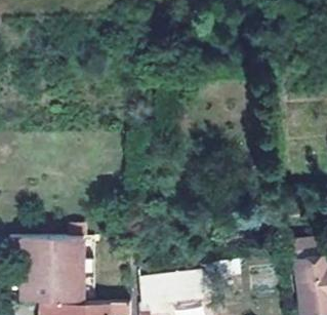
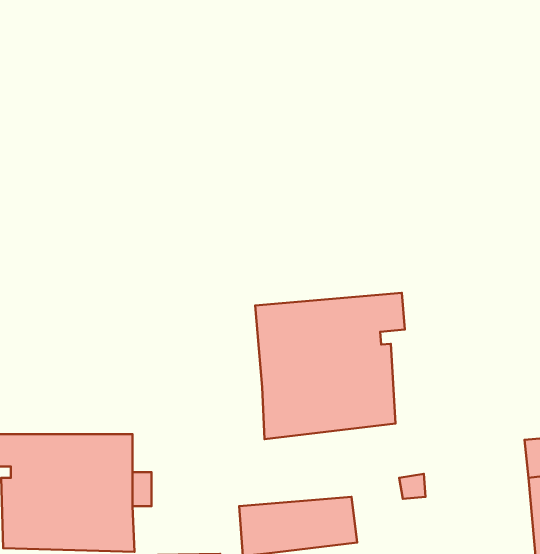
building: none -> [255,293,405,439]

